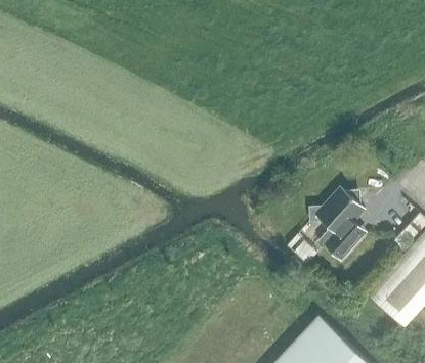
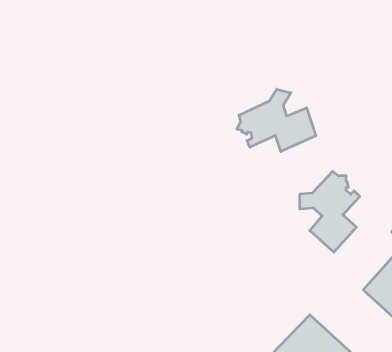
building: none -> [237,89,316,152]

